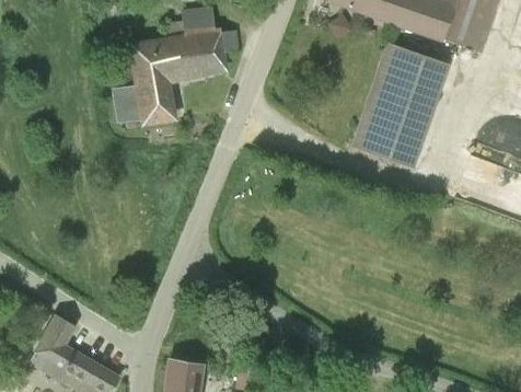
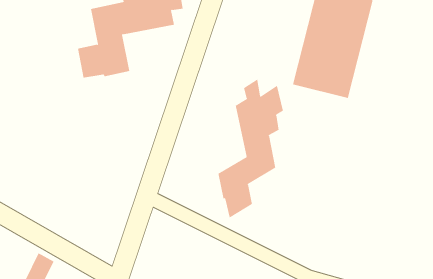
building: none -> [218,79,283,218]

